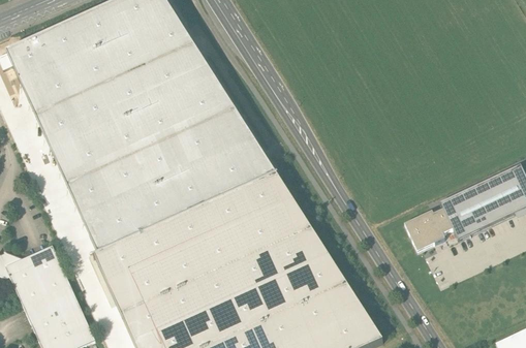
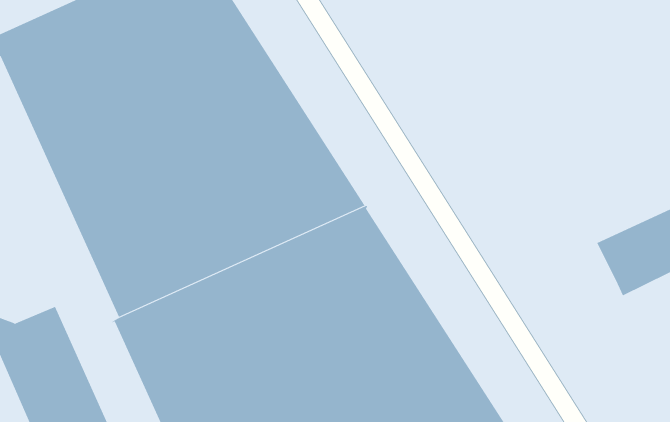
building: [407,208,456,249] -> none

